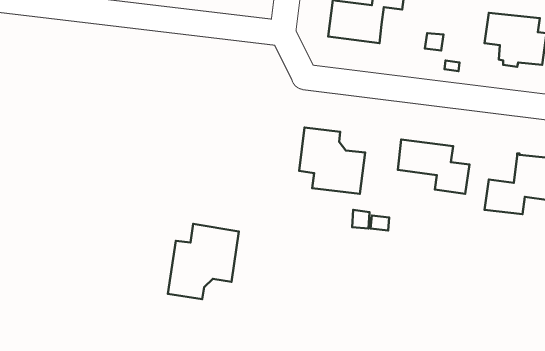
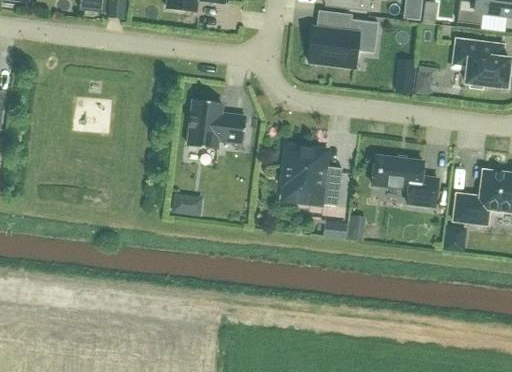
building: none -> [188,99,245,148]
building: none -> [171,191,203,215]
building: [168,224,239,299] -> none

